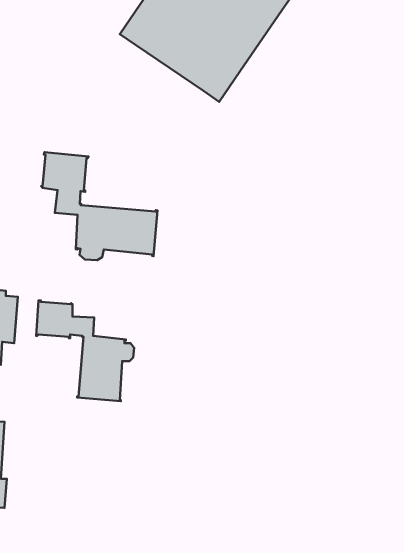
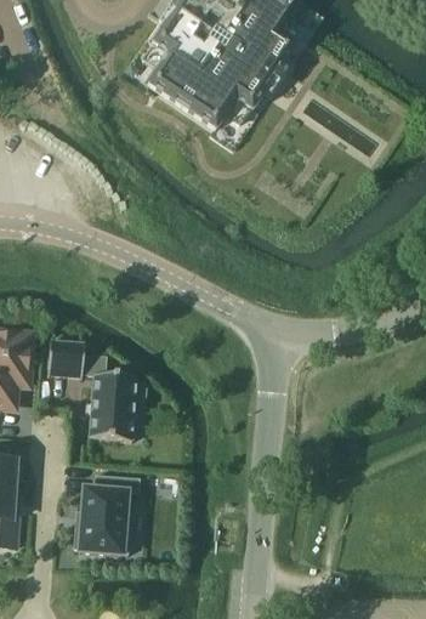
building: [41,152,157,260] -> none
building: none -> [73,473,138,553]

